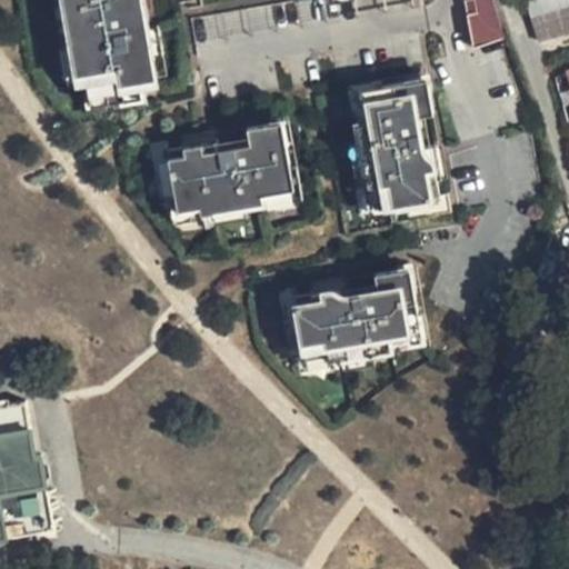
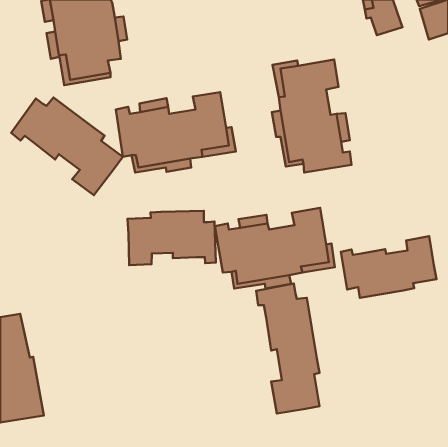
building: none -> [11,97,123,195]
building: none -> [128,211,216,265]
building: none -> [341,236,437,298]
building: none -> [256,283,320,413]

